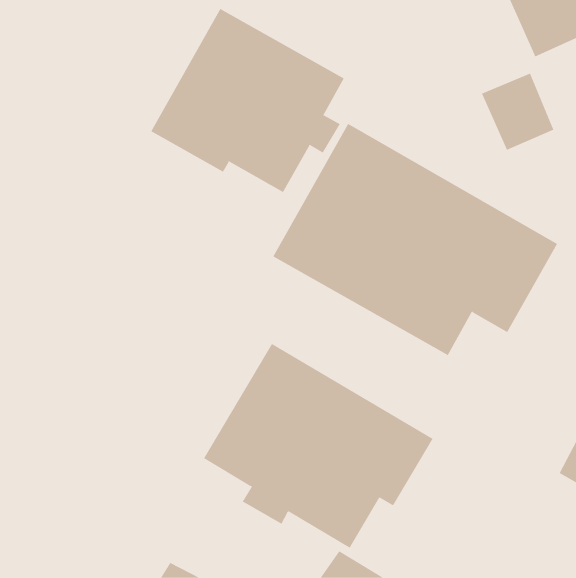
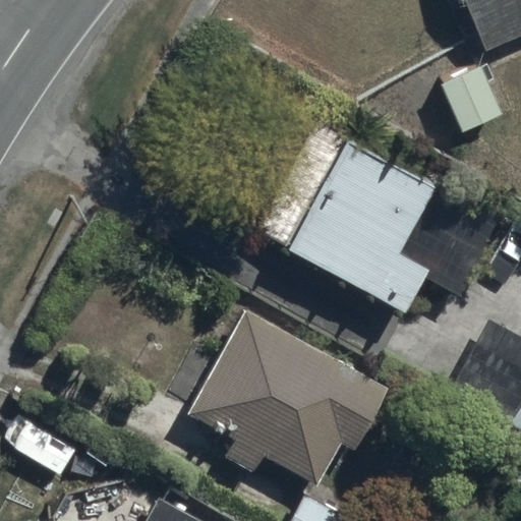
building: [150,8,345,193] -> none

